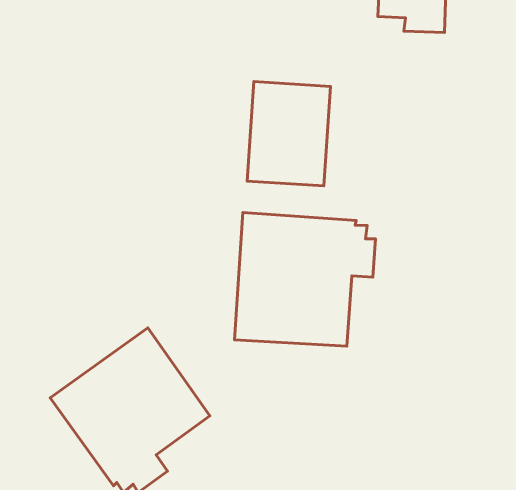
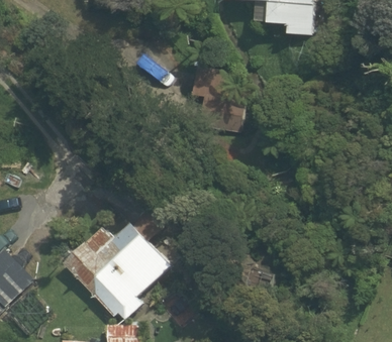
building: [235,213,375,346] -> none

